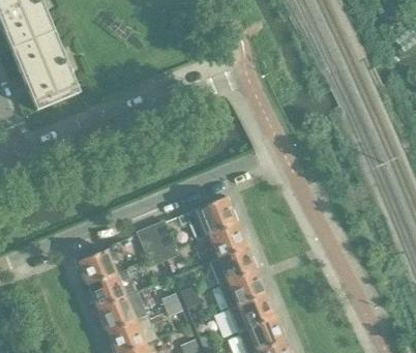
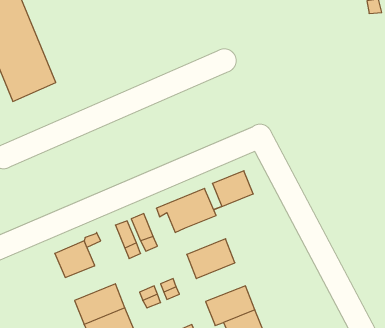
building: [205,224,245,262] -> [212,171,253,210]
building: [87,268,137,307] -> none
building: [216,270,265,308] -> none

